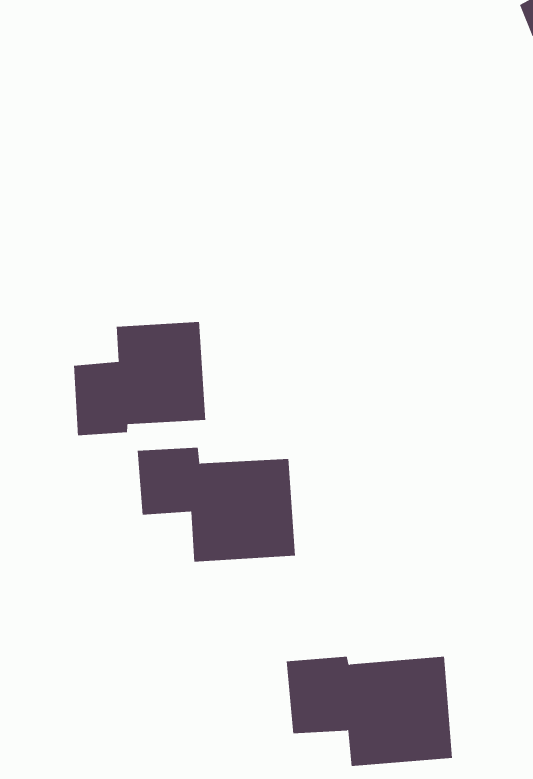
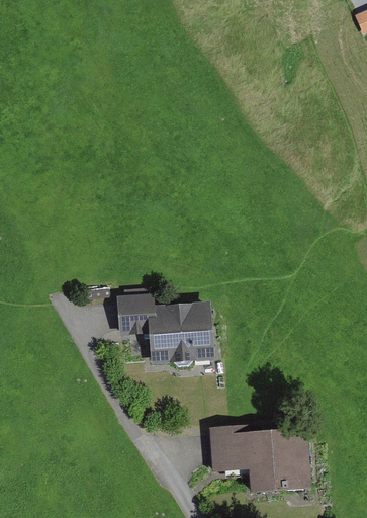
building: [74,321,206,436] -> none

